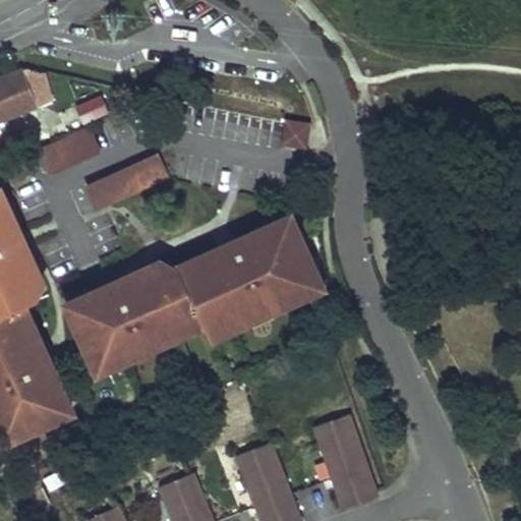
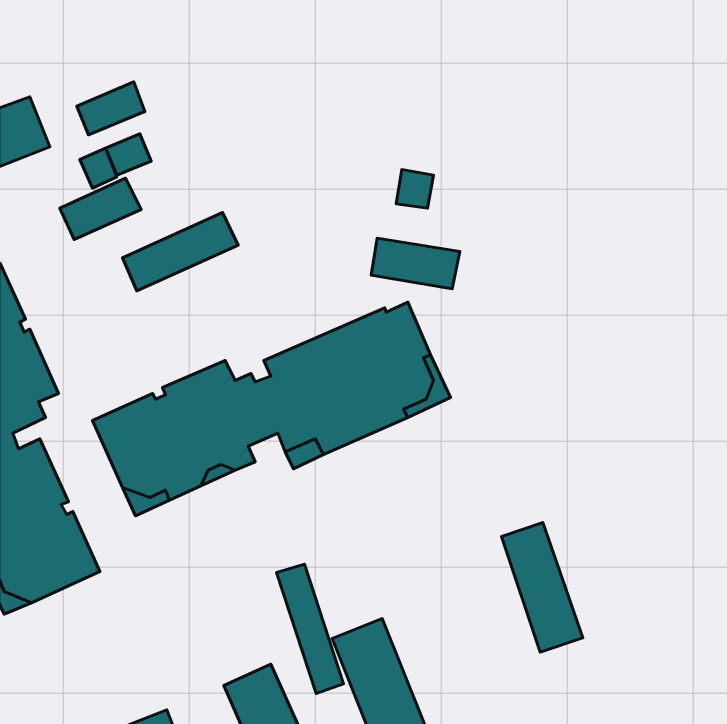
building: none -> [77,82,145,135]
building: none -> [371,238,460,289]
building: none -> [276,564,344,693]
building: [317,419,375,512] -> [502,522,583,652]

